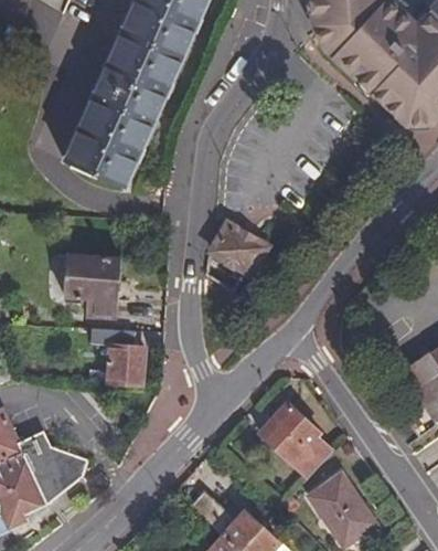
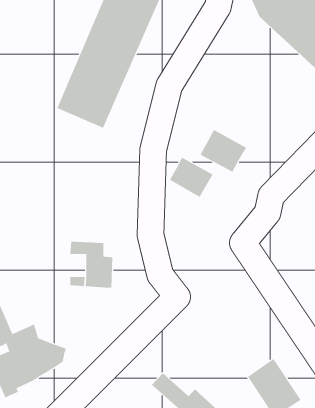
building: none -> [200,129,247,173]
building: [64,252,120,315] -> none
building: [259,401,331,477] -> none

